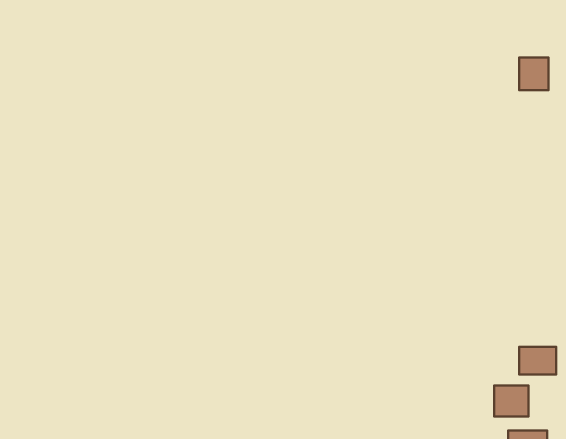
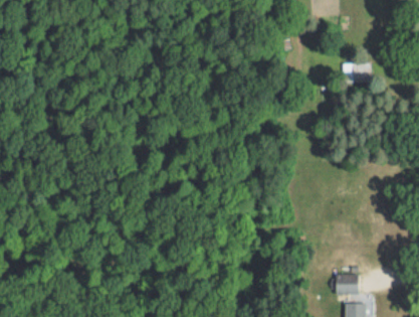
building: [519,347,556,374] -> none

